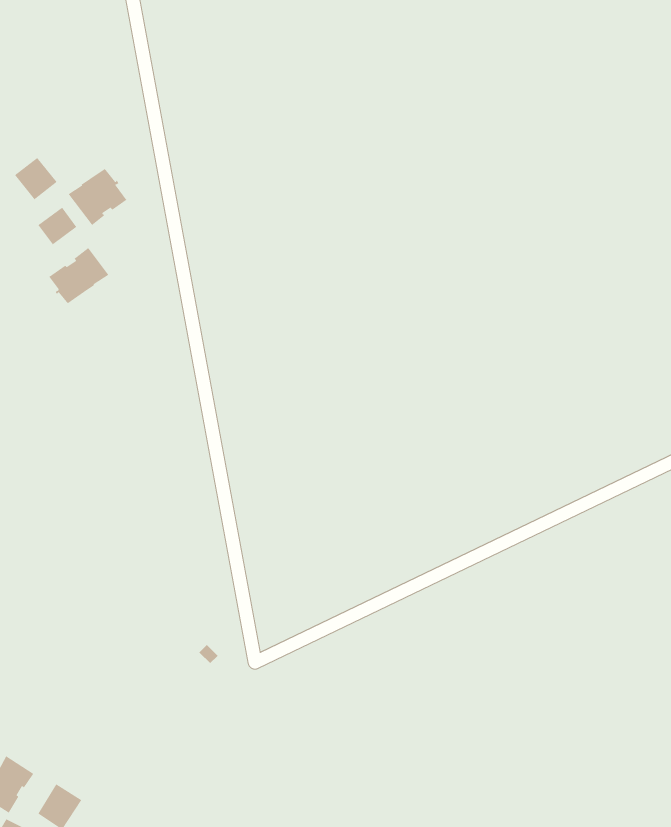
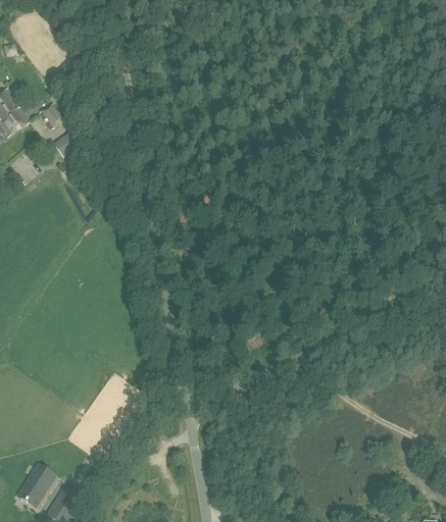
building: [68,168,127,226] -> none
building: [49,247,109,304] -> none

